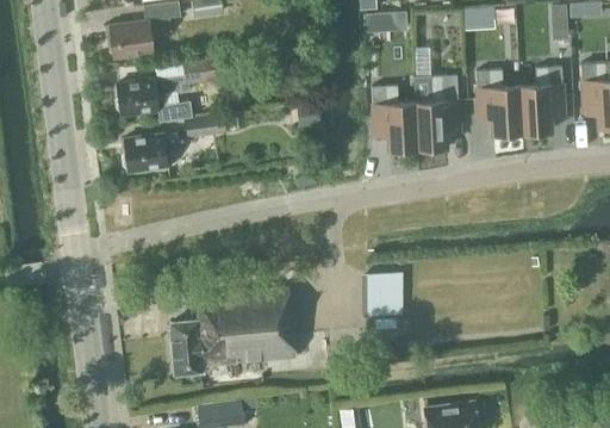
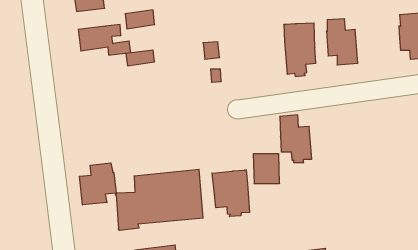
building: [517,67,566,134] -> none
building: [372,85,418,154] -> [280,115,312,163]
building: [123,132,179,172] -> none
building: none -> [79,163,116,205]
building: none -> [212,170,250,217]

